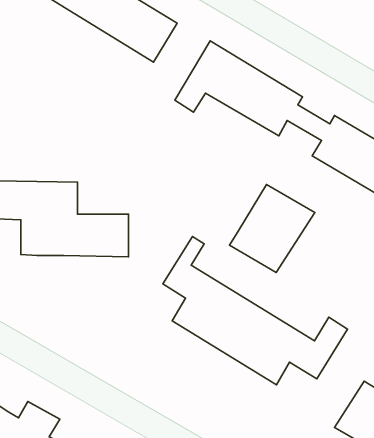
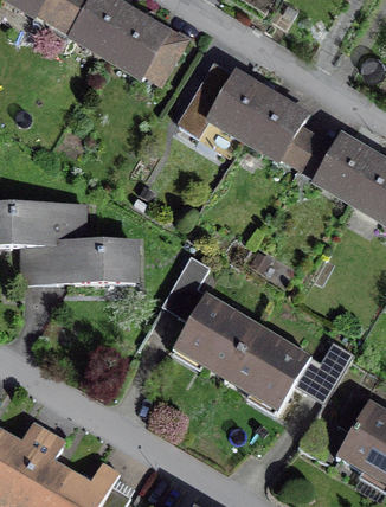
building: [229,185,315,273] -> none

